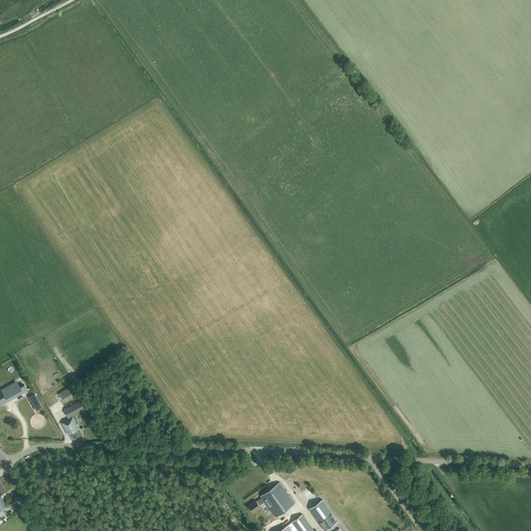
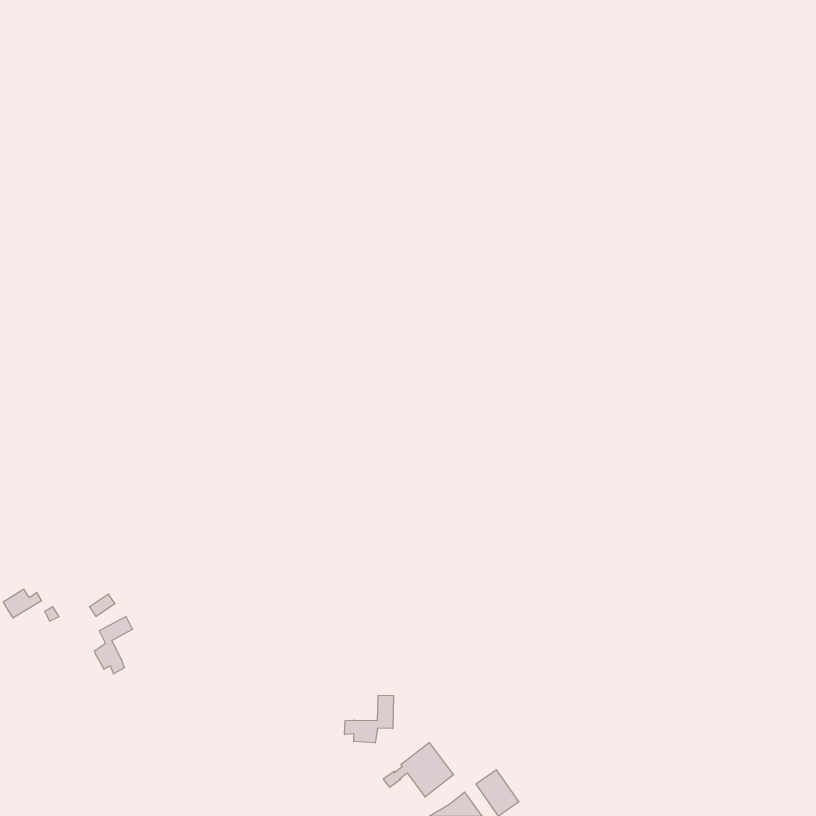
building: none -> [345,695,393,743]

